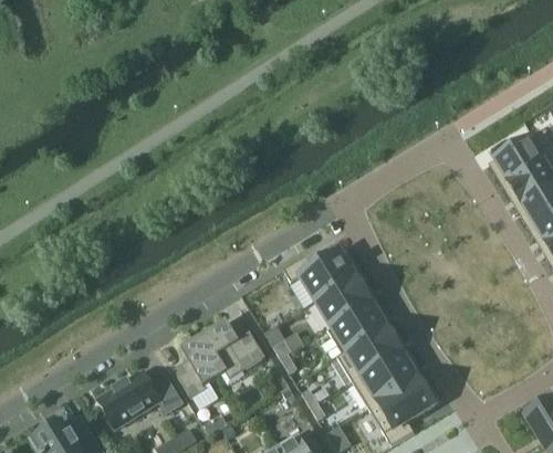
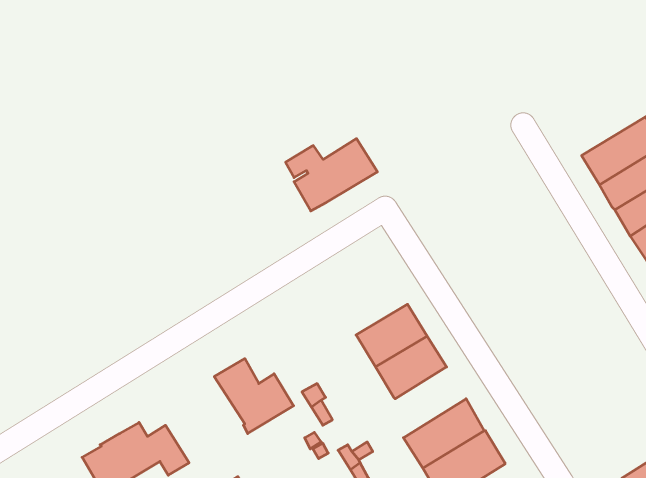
building: [283,249,356,306] -> [286,139,377,211]
building: [336,325,403,381] -> none
building: [173,333,227,397] -> none

